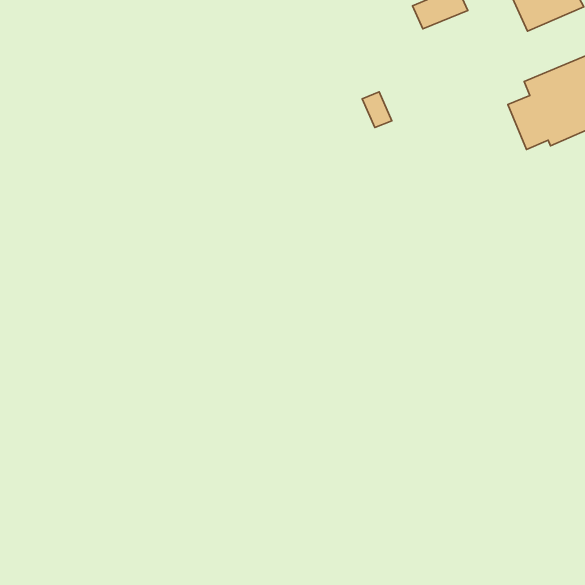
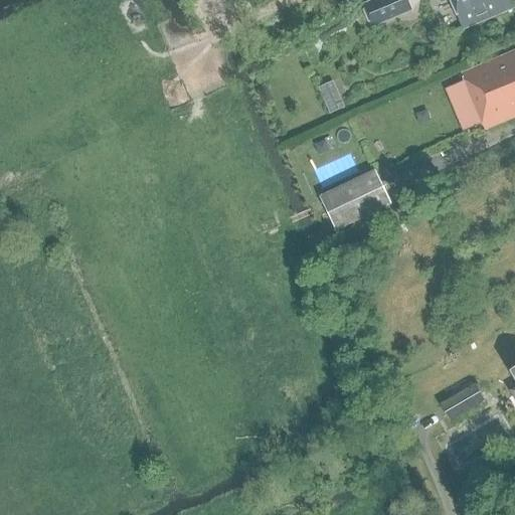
building: none -> [320,170,392,231]
building: none -> [440,382,486,421]

